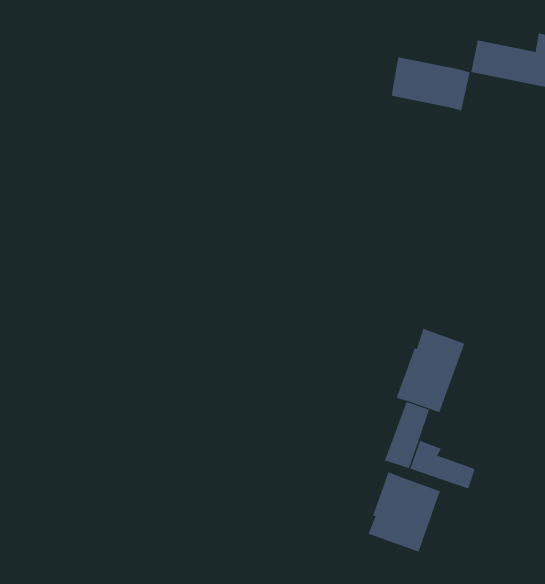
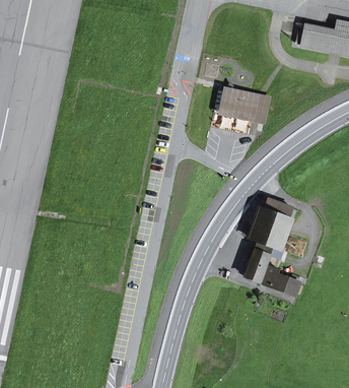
building: [391,57,470,111] -> [223,91,271,124]
building: [368,472,441,552] -> none

